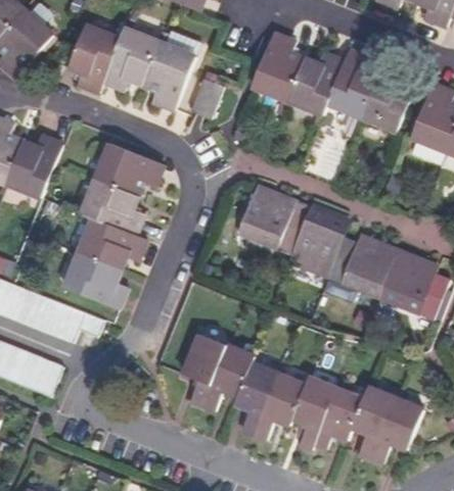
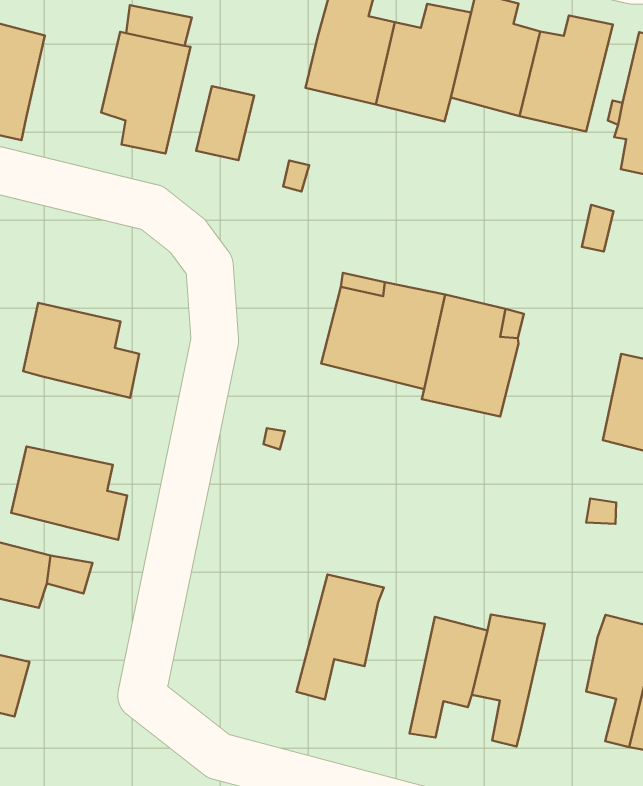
building: [102,29,158,90] -> none
building: [94,143,162,195] -> none
building: [77,217,144,269] -> none
building: [328,238,397,295] -> none
building: [182,334,225,403] -> none
building: [233,362,278,434] -> none
building: [314,387,362,447] -> none

